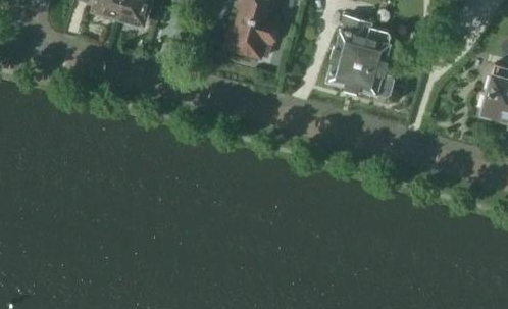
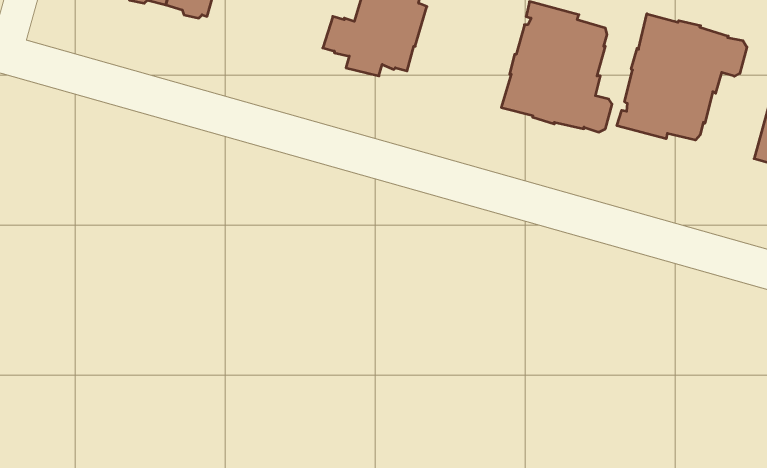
building: none -> [617,14,747,140]

